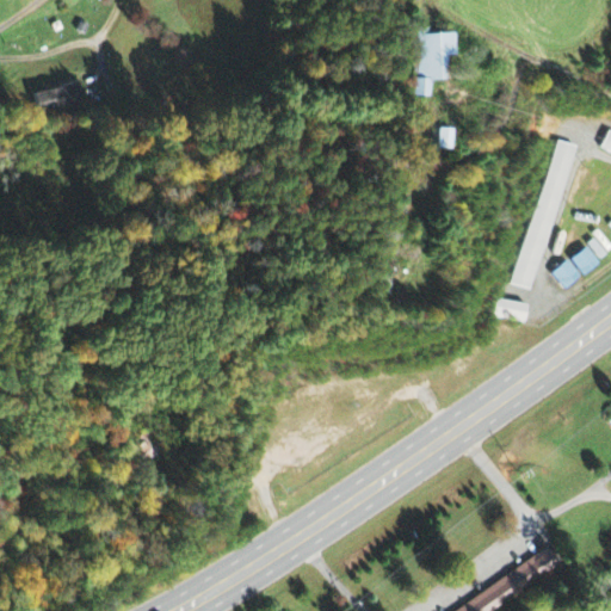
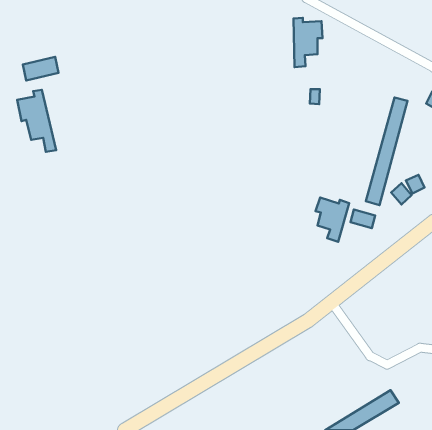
building: none -> [17,90,56,152]
building: none -> [316,198,349,242]

